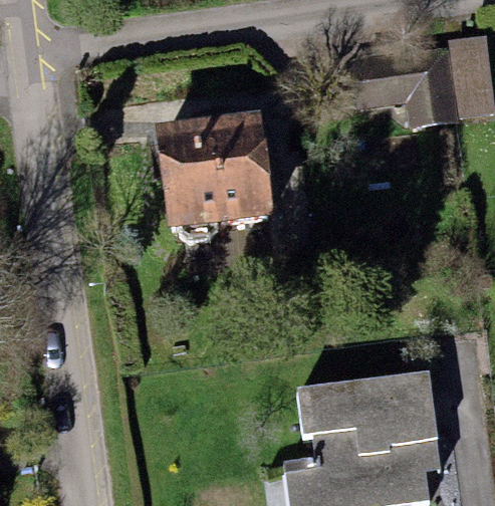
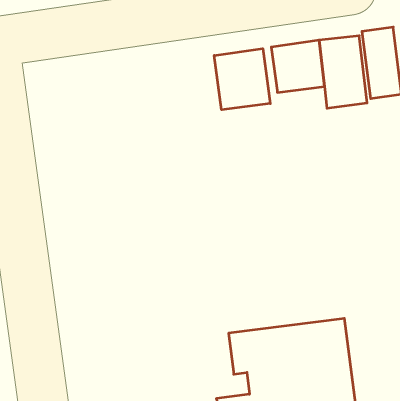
building: none -> [214,49,270,110]
building: [155,109,273,246] -> none

